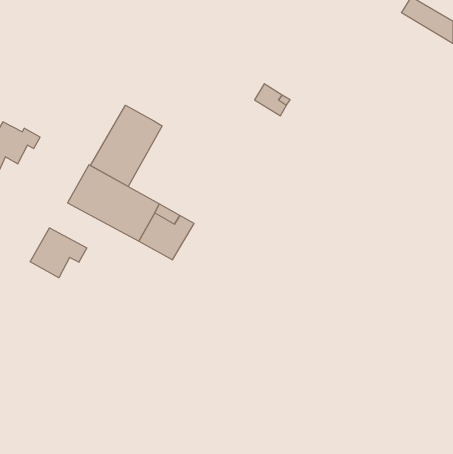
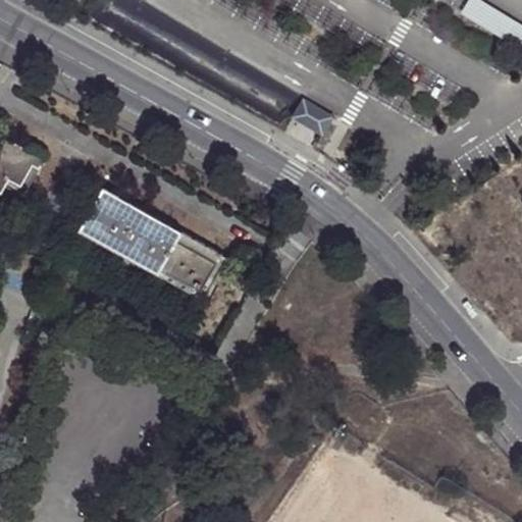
building: [91,105,162,187] -> none
building: [30,228,87,278] -> none

